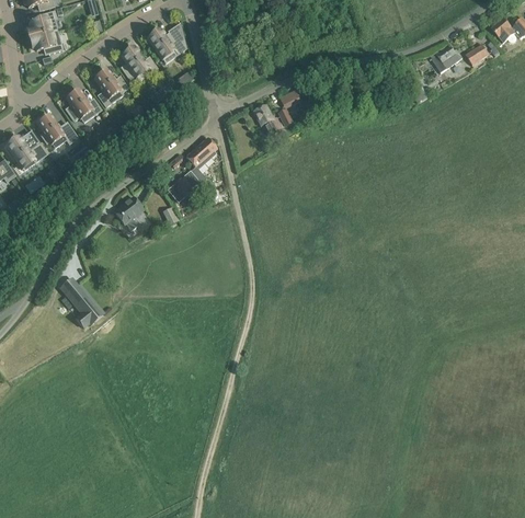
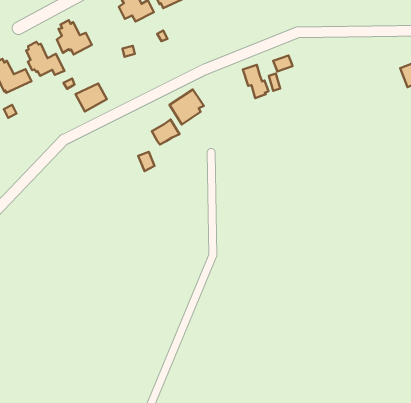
building: [93,68,127,106] -> none
building: [112,195,144,225] -> [75,83,107,111]
building: [58,275,103,327] -> none

